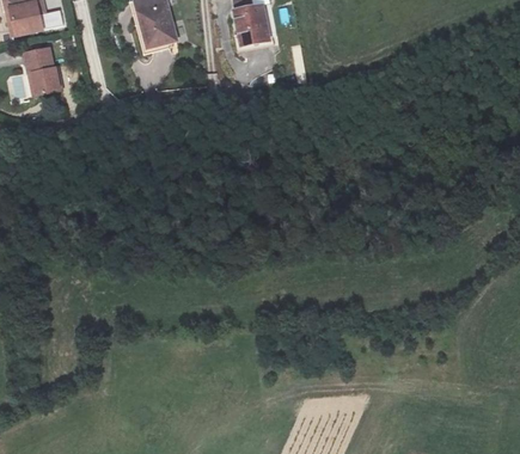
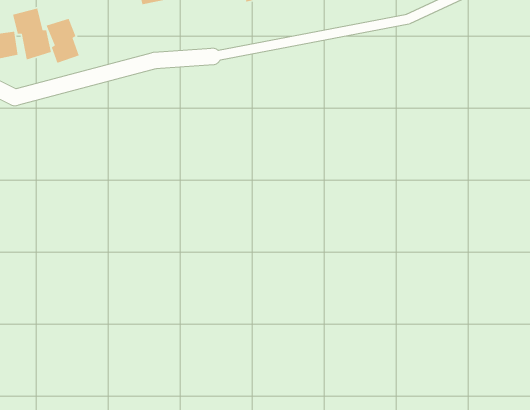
building: none -> [45,18,80,64]

